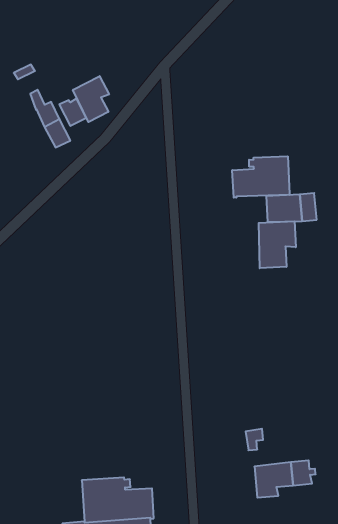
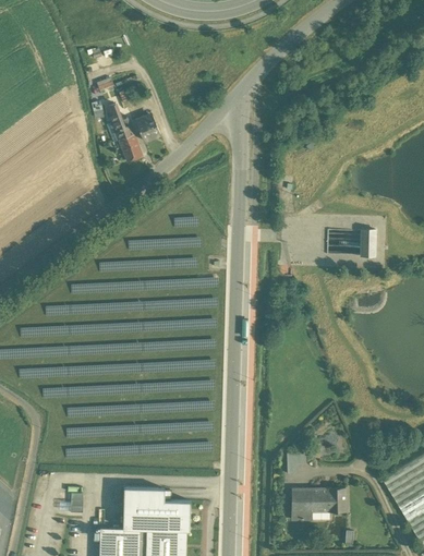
building: [73,76,109,122] -> none
building: [232,156,289,198] -> none
building: [259,221,296,268] -> none

